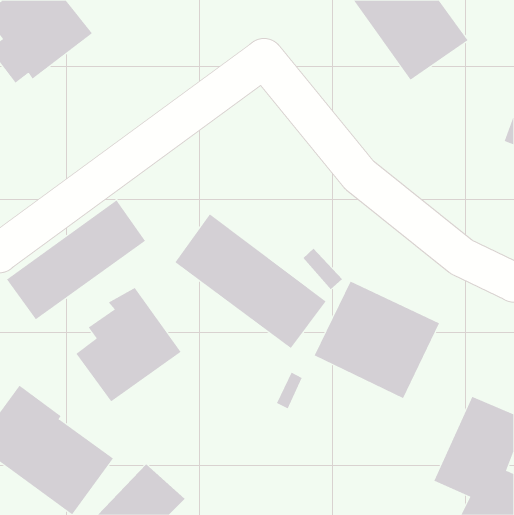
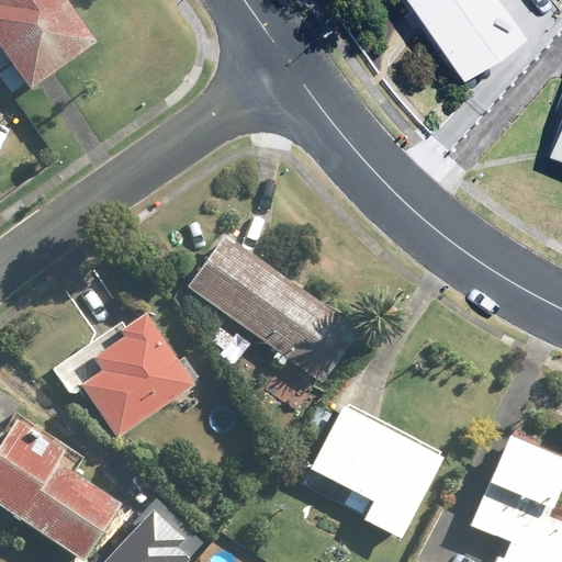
building: [6,199,146,320] -> none
building: [314,281,440,399] -> [304,404,441,532]

